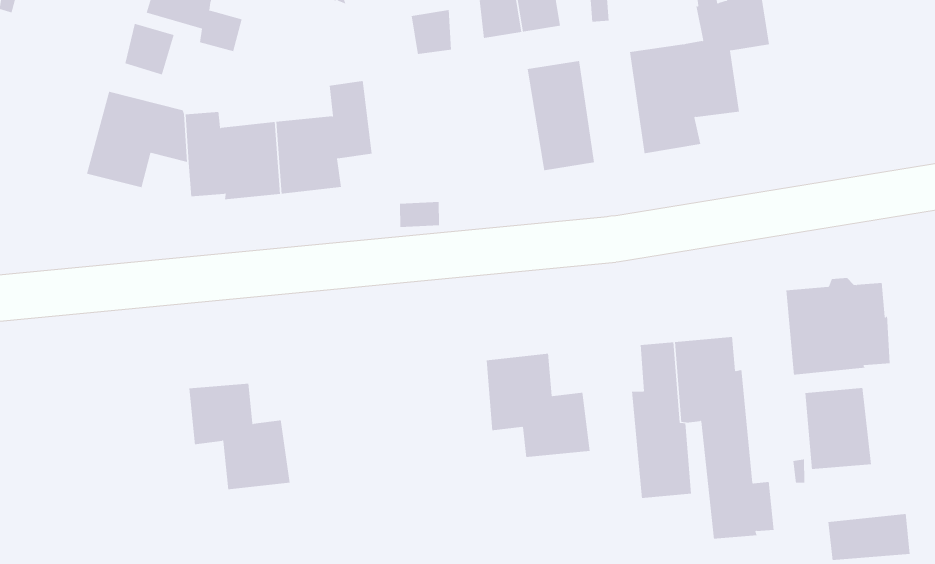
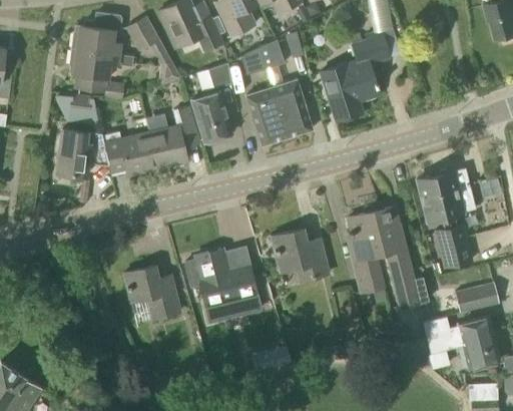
building: none -> [191,91,231,142]
building: none -> [245,87,287,145]
building: none -> [194,249,260,315]

